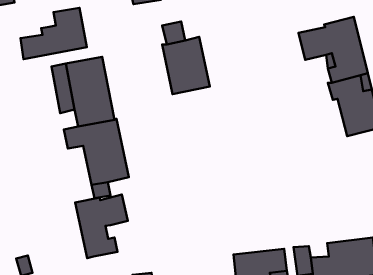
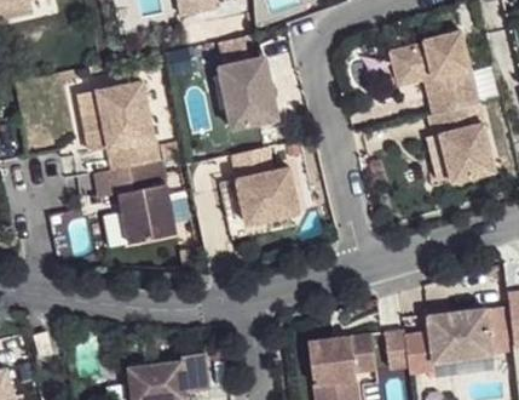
building: [21,8,87,59] -> none
building: none -> [230,147,298,223]
building: [75,194,128,258] -> none

